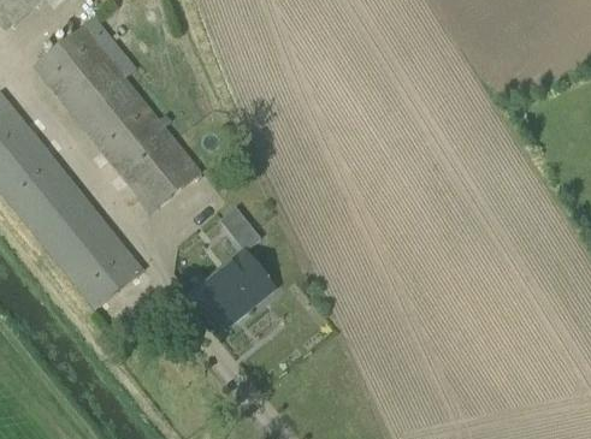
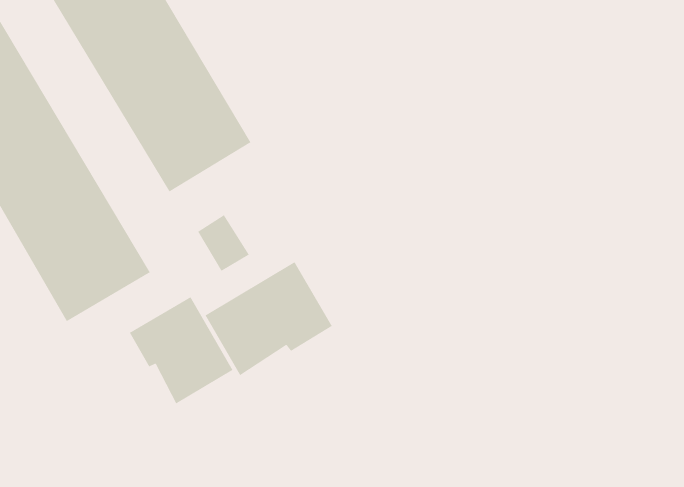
building: [220,203,259,243] -> [197,214,250,272]
building: none -> [129,296,233,404]

